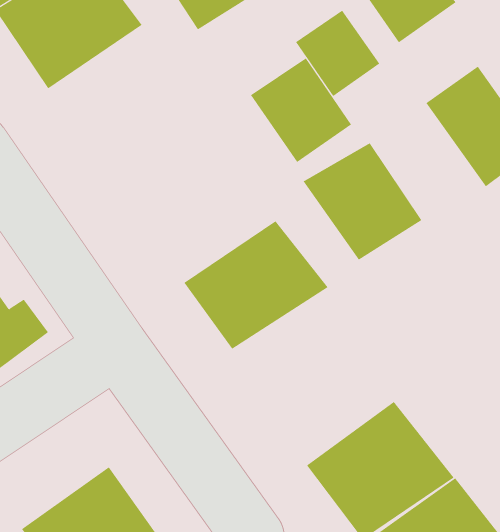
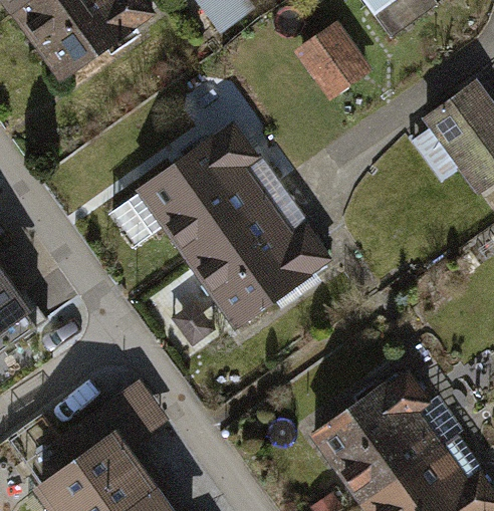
building: [250,57,352,163] -> none
building: [303,143,422,260] -> none
building: none -> [143,142,277,267]

